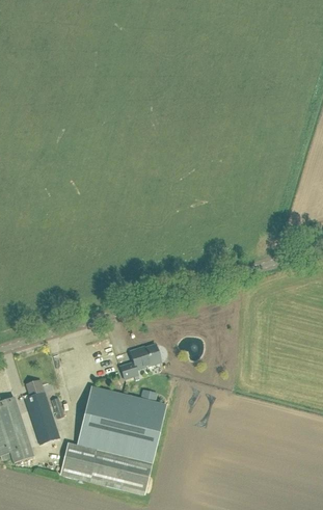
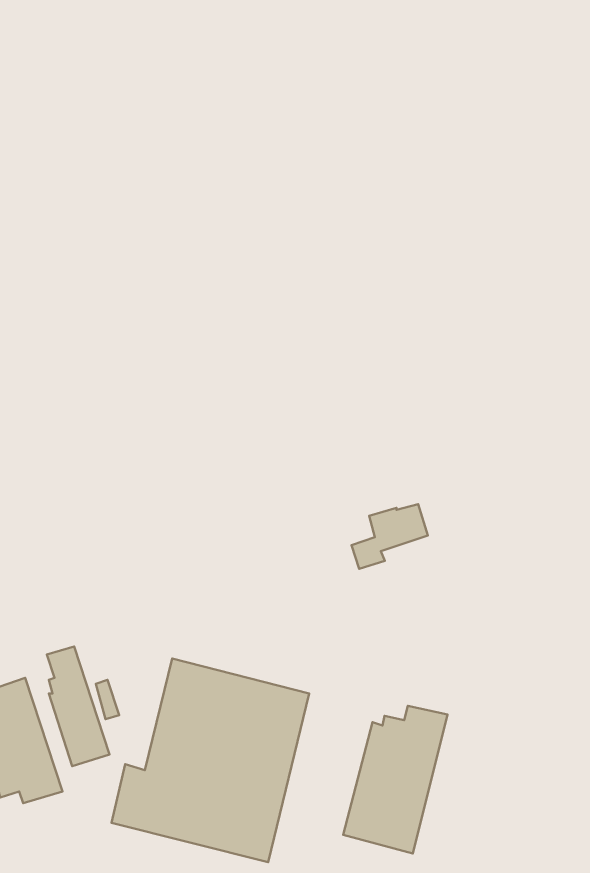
building: [120,343,161,377] -> [351,504,428,569]
building: none -> [343,706,447,853]

